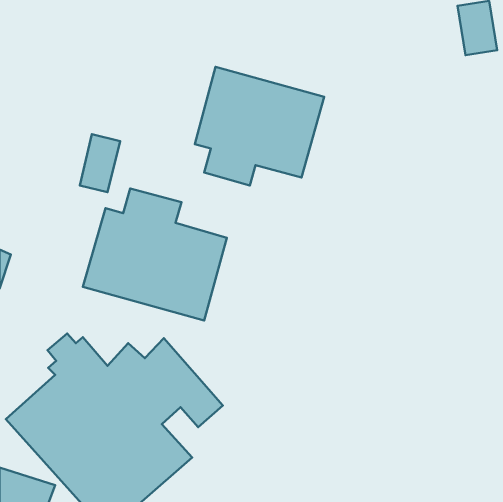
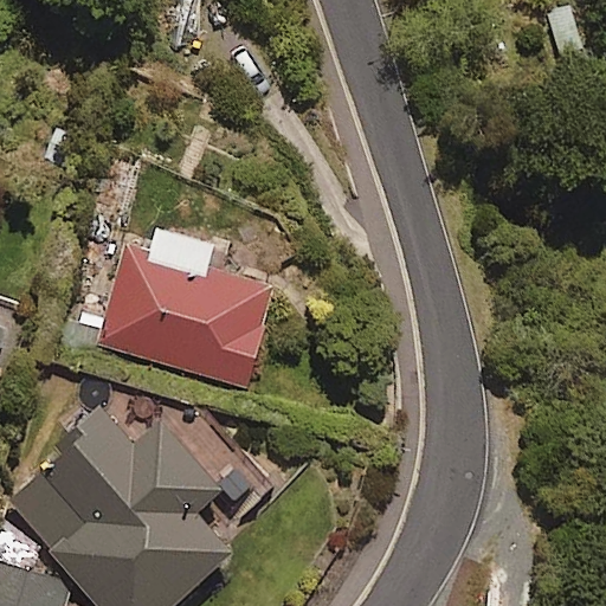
building: [195,67,324,186] -> none

